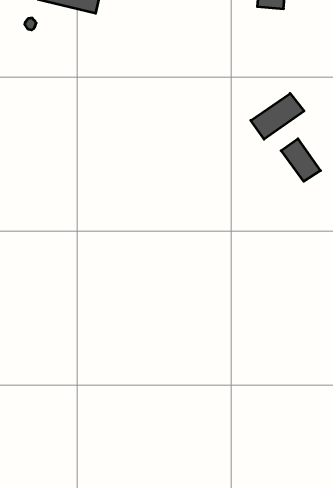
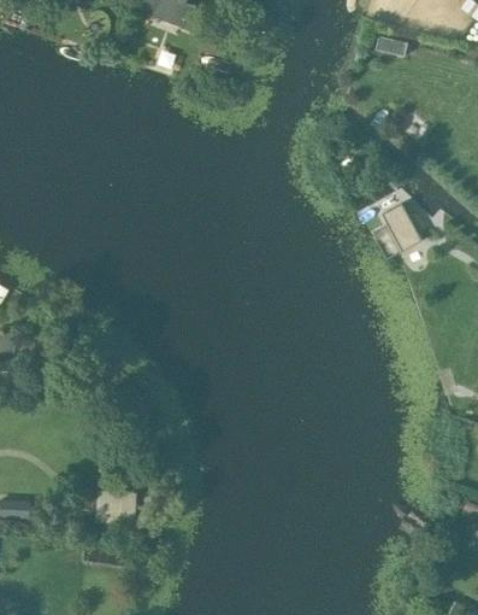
building: [251,93,304,139] -> none

